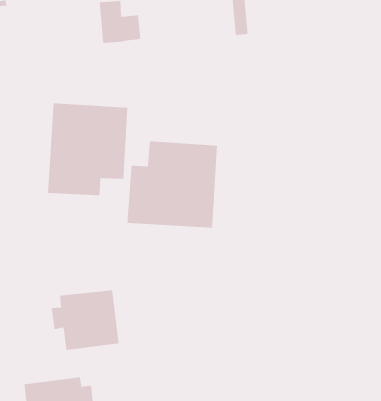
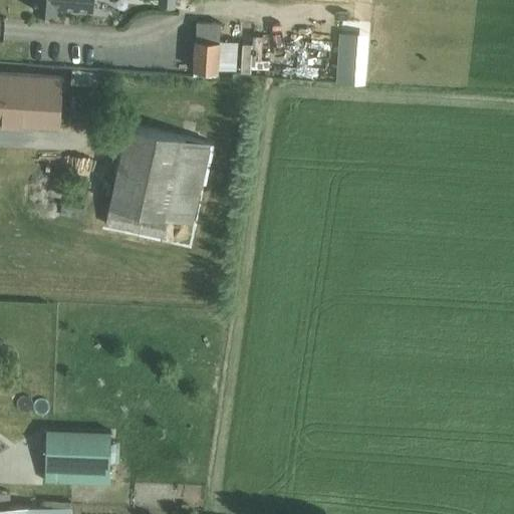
building: [127,141,218,228] -> none
building: [51,289,119,351] -> none

